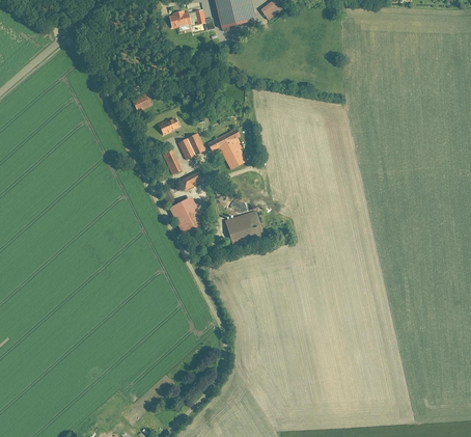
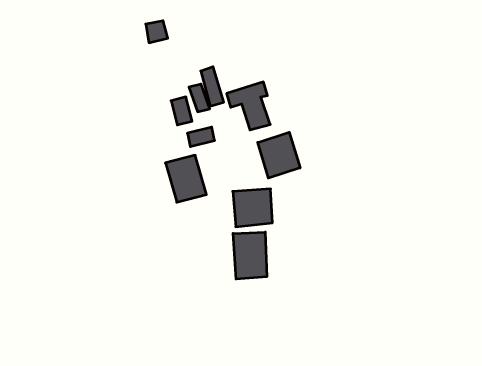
building: none -> [258,132,300,178]
building: none -> [233,232,267,279]

